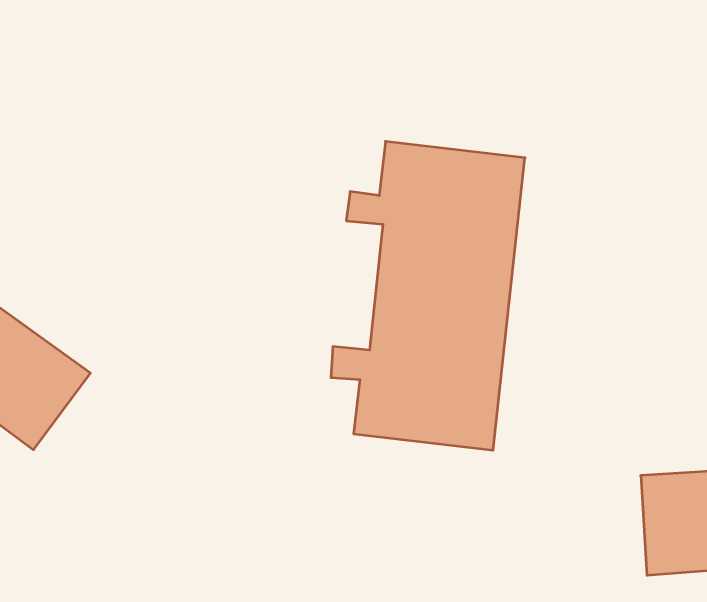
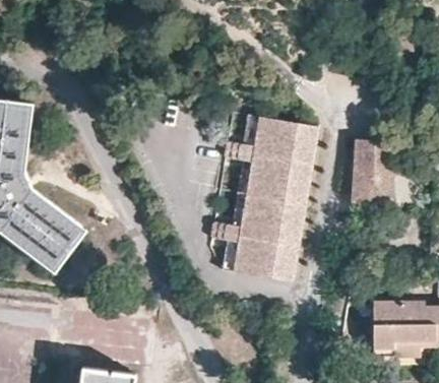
building: none -> [350,137,391,205]

